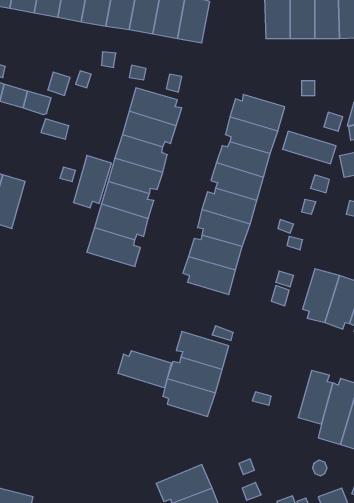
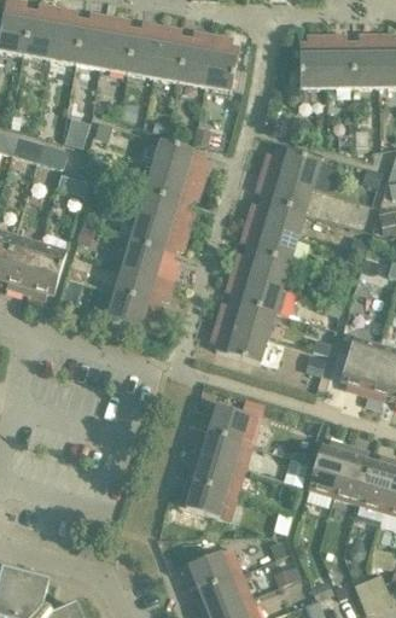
building: [73,155,111,208] -> [25,241,66,298]
building: [118,351,171,388] -> [179,482,237,521]
building: none -> [308,439,349,506]

